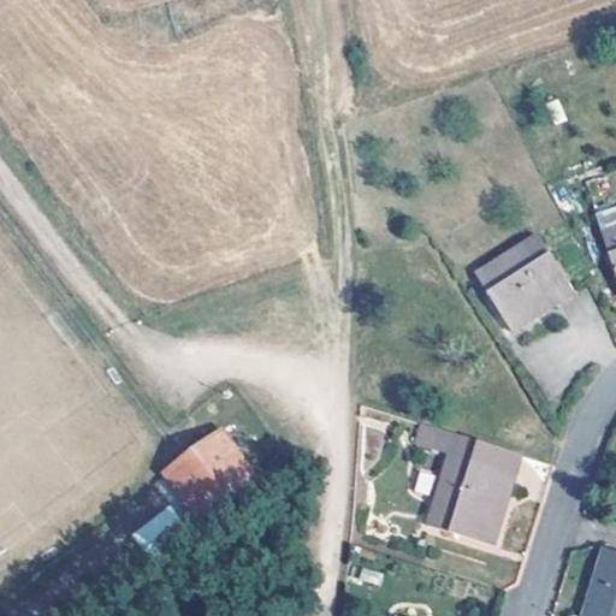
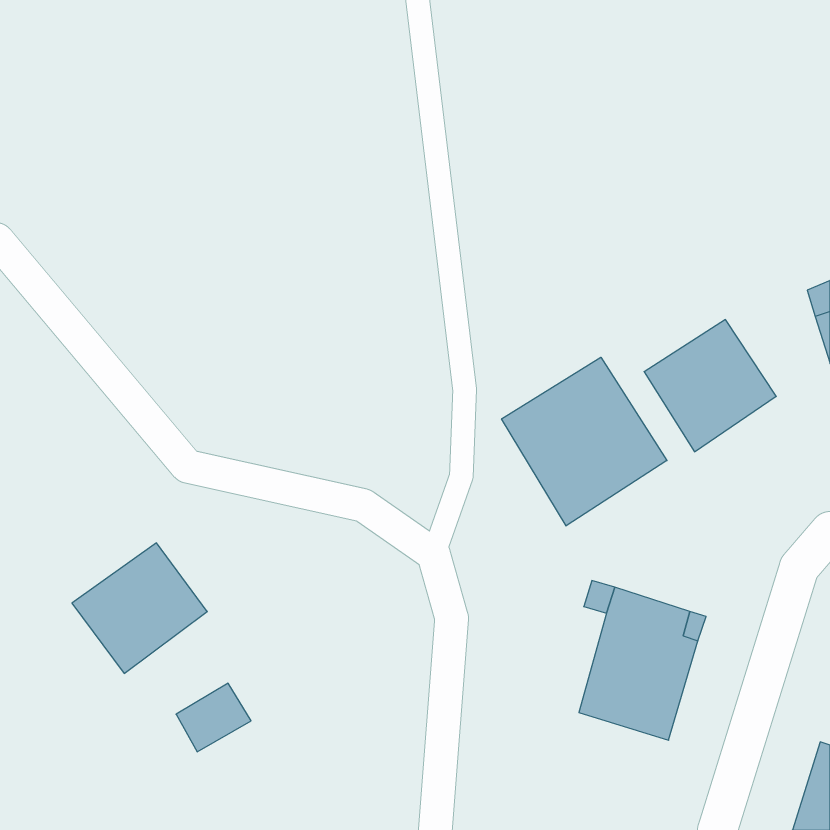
building: none -> [502,357,667,526]
building: [158,422,257,519] -> [72,543,207,673]

